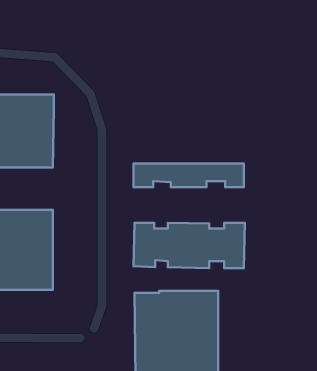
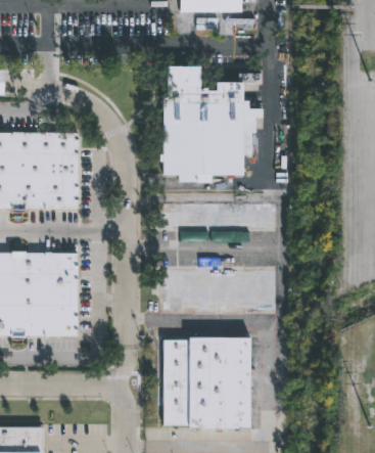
building: none -> [161,66,261,183]

